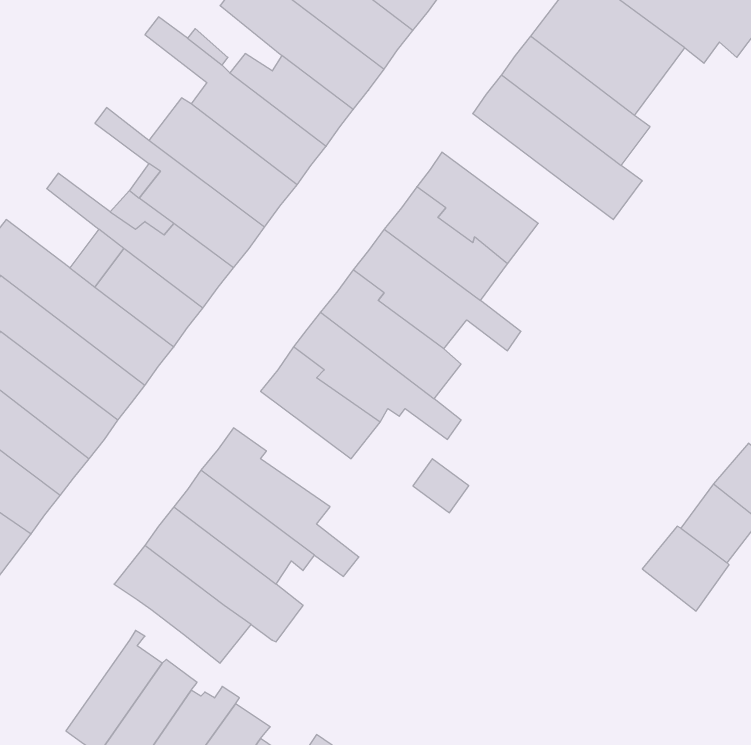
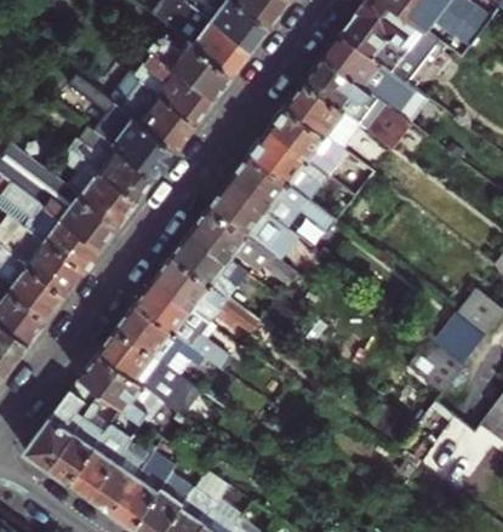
building: none -> [286,80,365,149]
building: none -> [155,254,262,336]
building: none -> [24,376,95,468]

